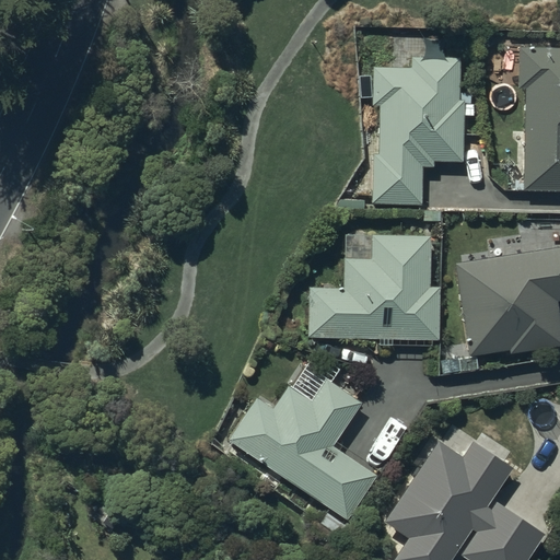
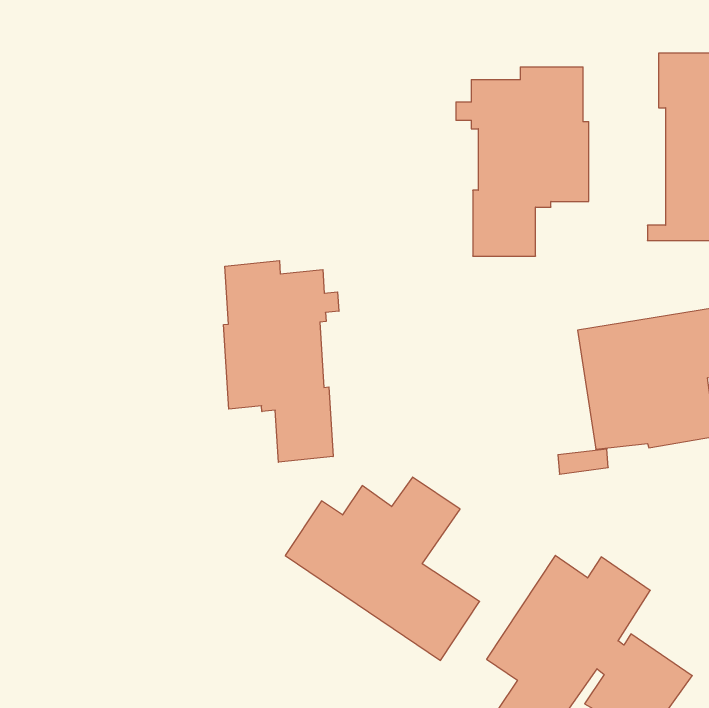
building: none -> [224,261,339,462]
building: [307,233,442,341] -> none

